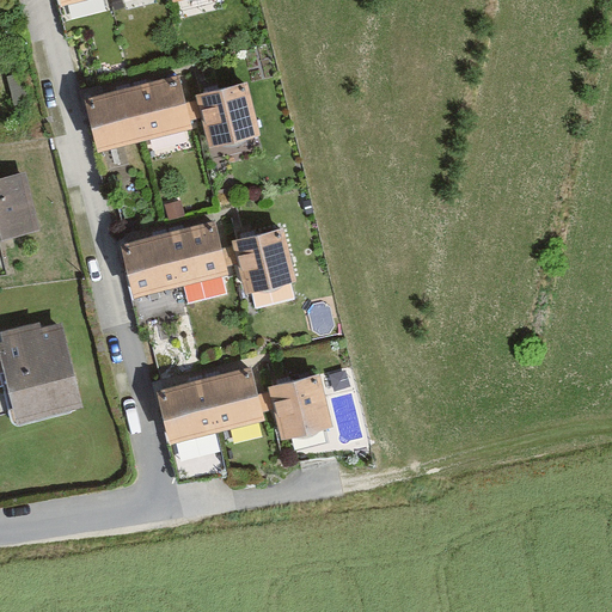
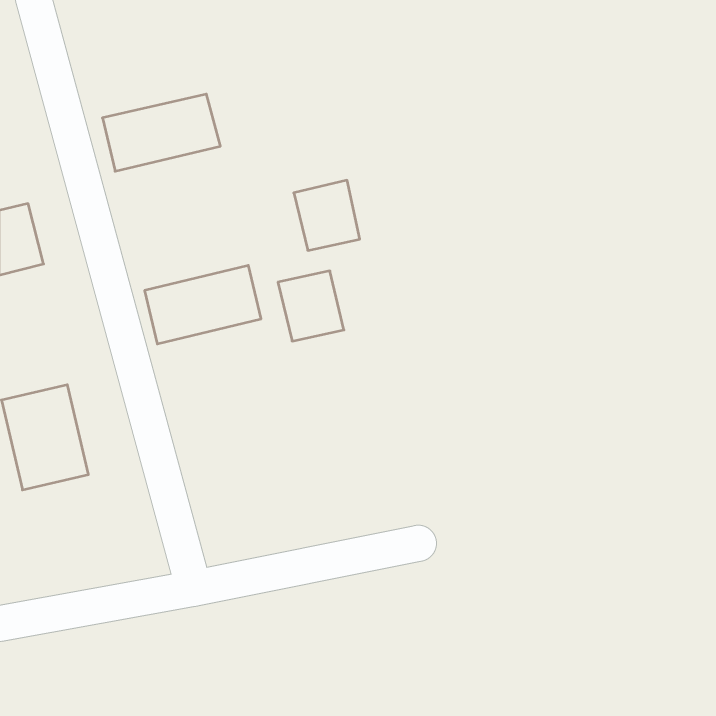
building: [197,84,253,143] -> [294,180,360,250]
building: [159,372,259,439] -> none
building: [269,377,325,436] -> none

